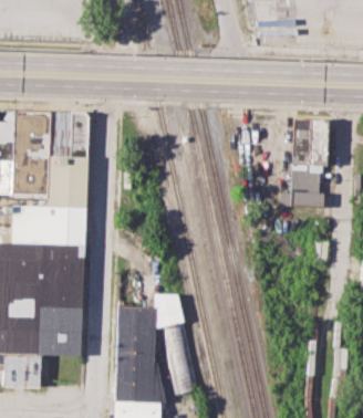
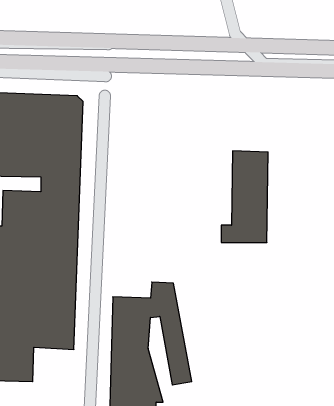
building: [279,121,324,209] -> [221,151,268,242]

